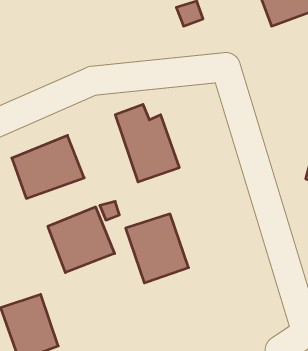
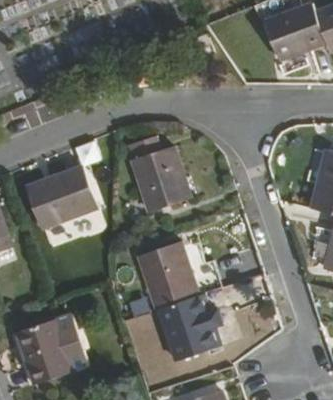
building: [48,207,115,273] -> none
building: none -> [159,293,217,357]

